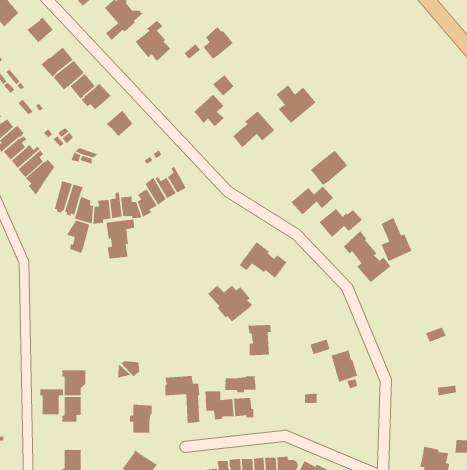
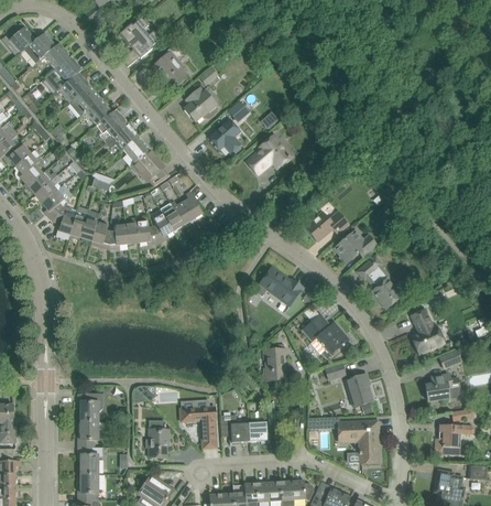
building: none -> [24,32,56,64]
building: [203,27,234,60] -> [185,88,216,121]
building: none -> [45,56,83,91]
building: [276,84,316,124] -> none
building: none -> [105,122,139,151]
building: none -> [133,150,170,187]
building: [310,149,348,186] -> none
building: [380,217,413,262] -> [412,310,444,355]
building: [106,219,135,260] -> none
building: [66,220,90,254] -> [53,206,77,240]
building: [207,285,253,323] -> [302,321,347,358]
building: none -> [425,374,461,401]
building: [225,375,257,393] -> none
building: [40,388,64,415] -> [78,448,102,474]
building: none -> [338,421,379,463]
building: none -> [435,424,474,455]

